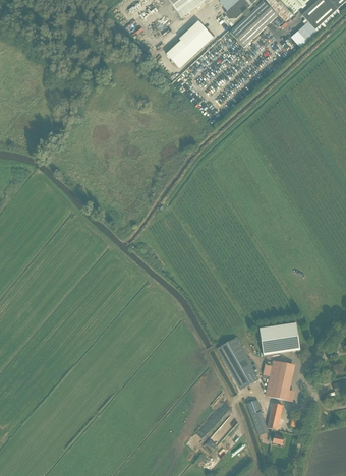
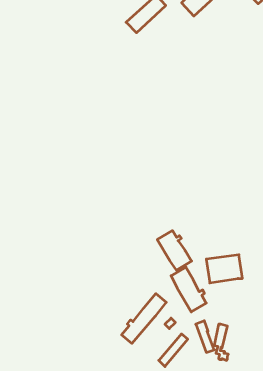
building: none -> [157,231,192,270]
building: [266,359,292,398] -> none
building: none -> [122,294,166,343]

